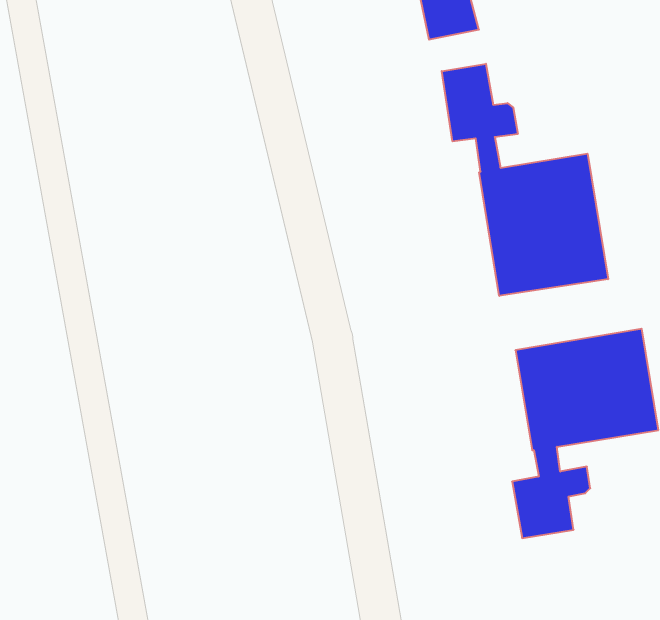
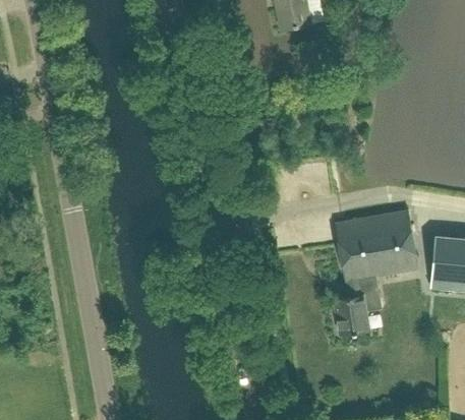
building: [442,64,608,296] -> none

